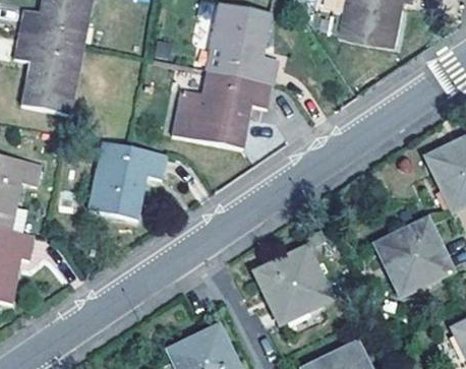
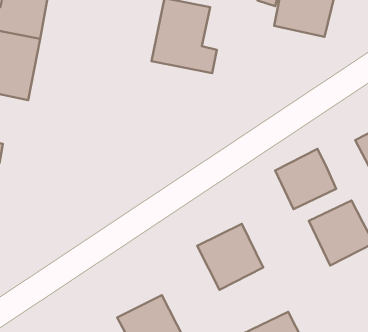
building: [173,71,272,147] -> none
building: [89,140,166,217] -> none
building: none -> [275,149,336,209]

